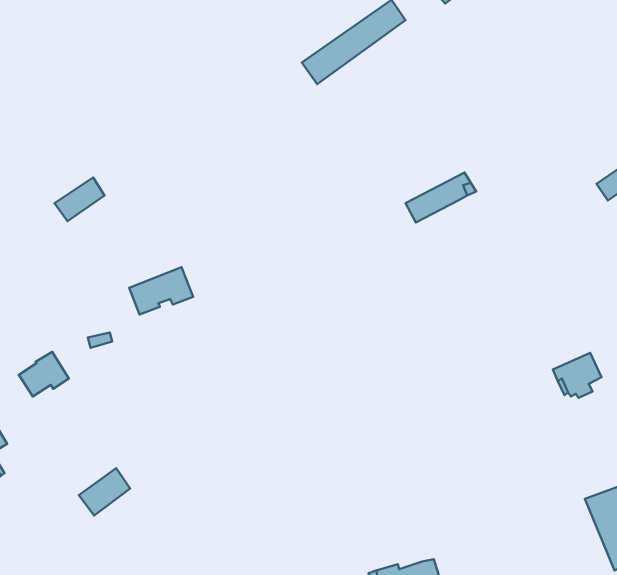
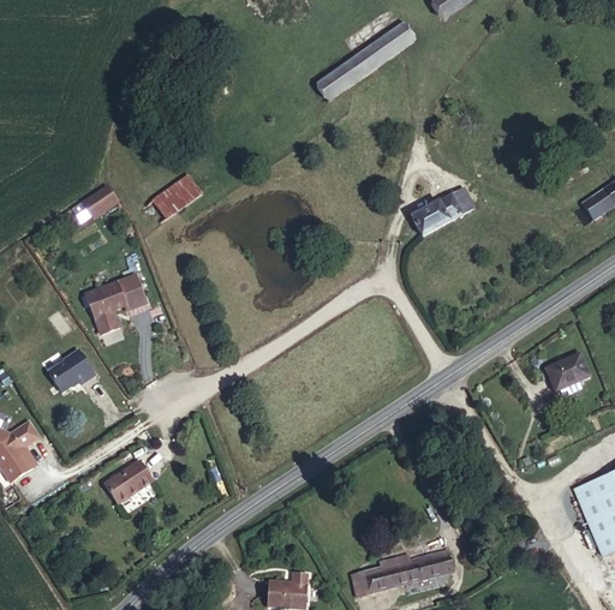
building: none -> [150,175,201,220]
building: [129,267,193,315] -> [85,275,145,319]

